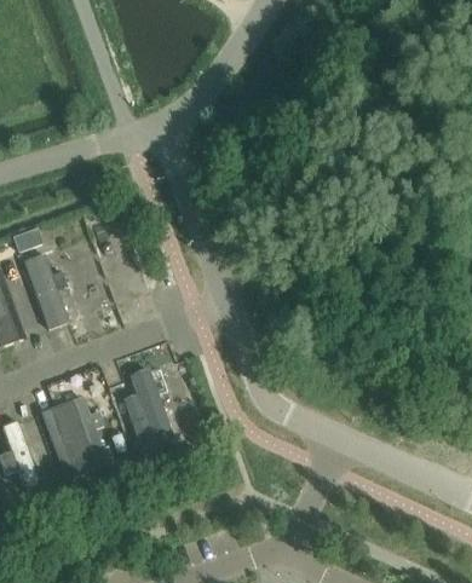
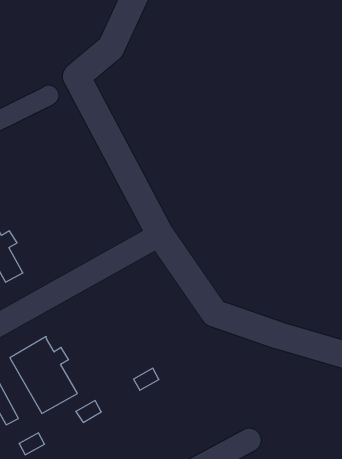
building: [125,366,177,451] -> none

